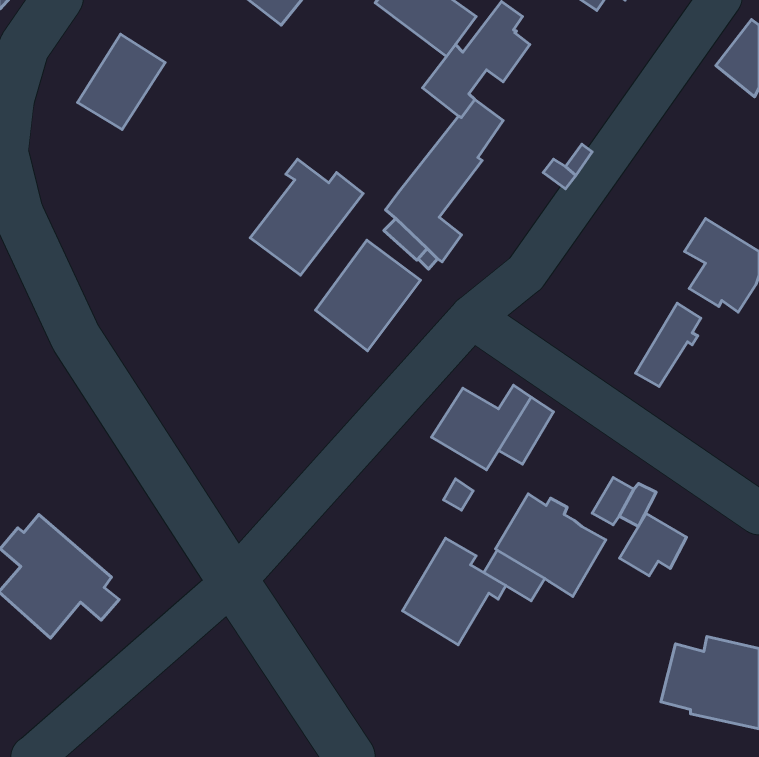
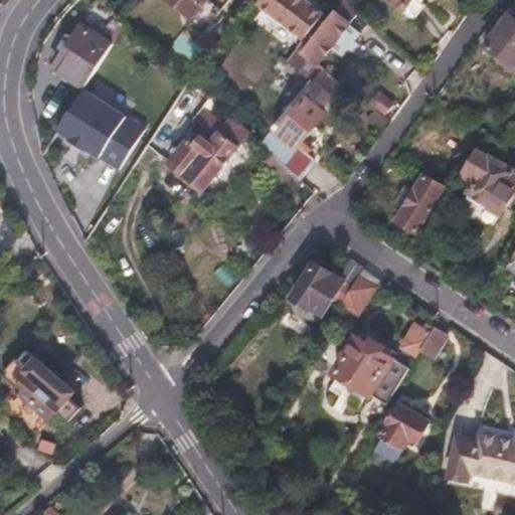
building: none -> [56,88,144,167]
building: [315,240,420,351] -> none
building: [635,303,701,387] -> [397,174,442,230]
building: [619,513,686,576] -> [381,402,426,445]
building: [402,538,506,645] -> none

